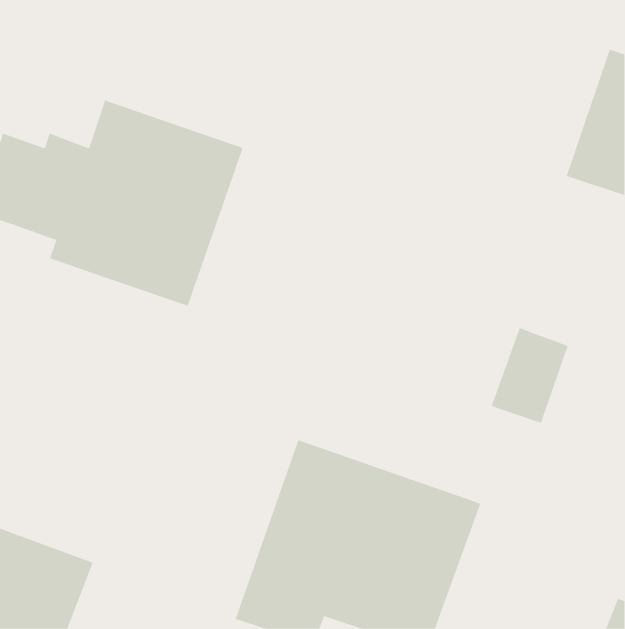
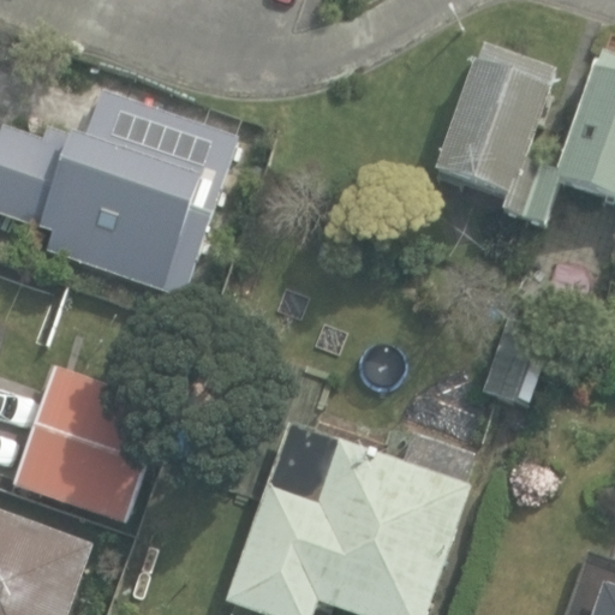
building: none -> [428,36,550,215]
building: none -> [17,372,166,525]

